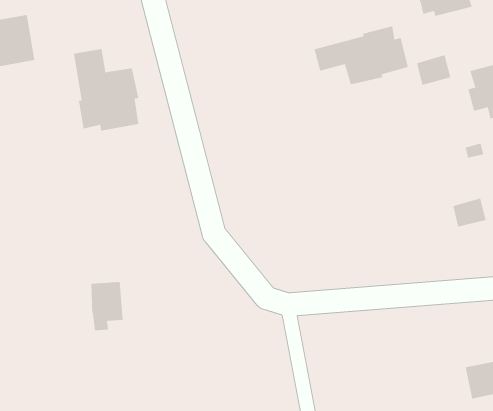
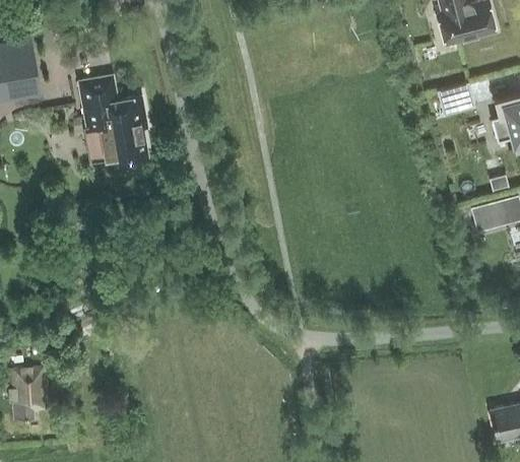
building: [314,26,409,85] -> none
building: [453,198,487,227] -> [471,200,507,230]
building: [90,281,123,331] -> [14,368,49,419]

